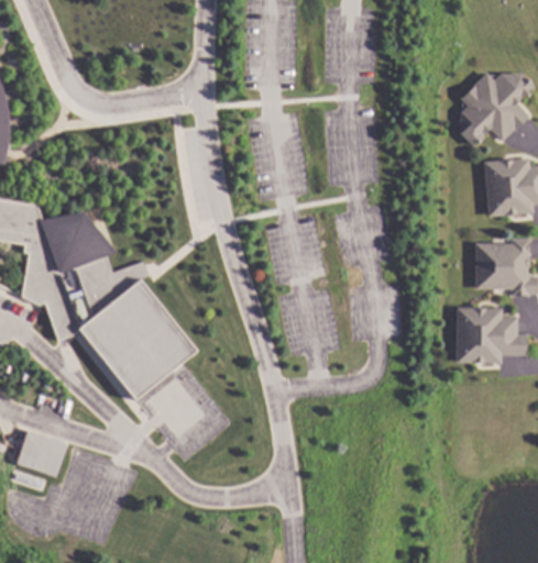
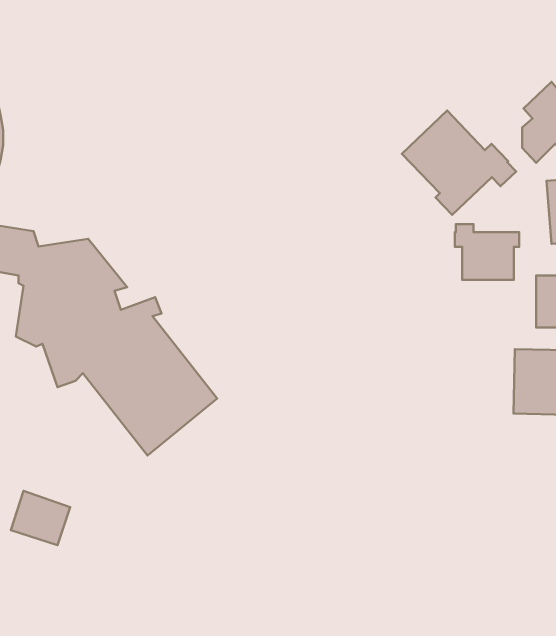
building: none -> [402,111,516,215]
building: none -> [455,224,519,280]

